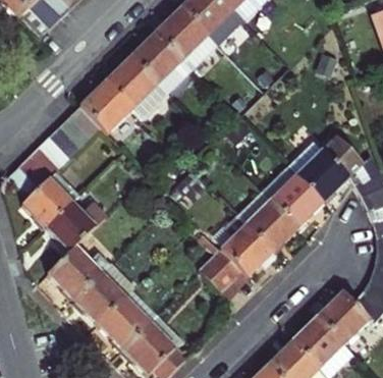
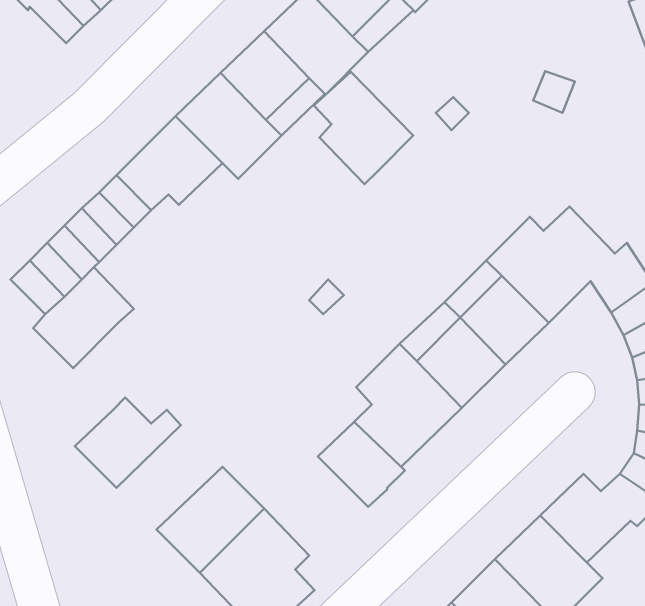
building: none -> [314,72,413,184]
building: [44,201,106,253] -> none
building: [69,260,133,323] -> none

